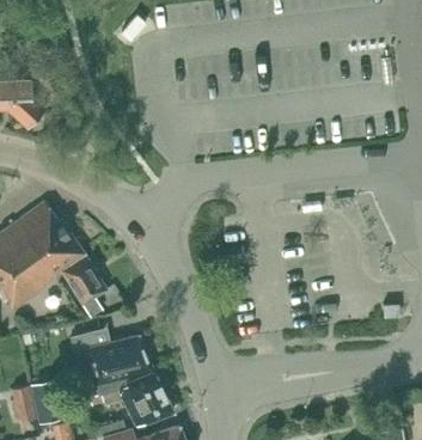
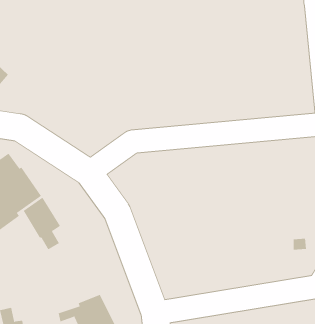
building: [85,336,153,395] -> none

